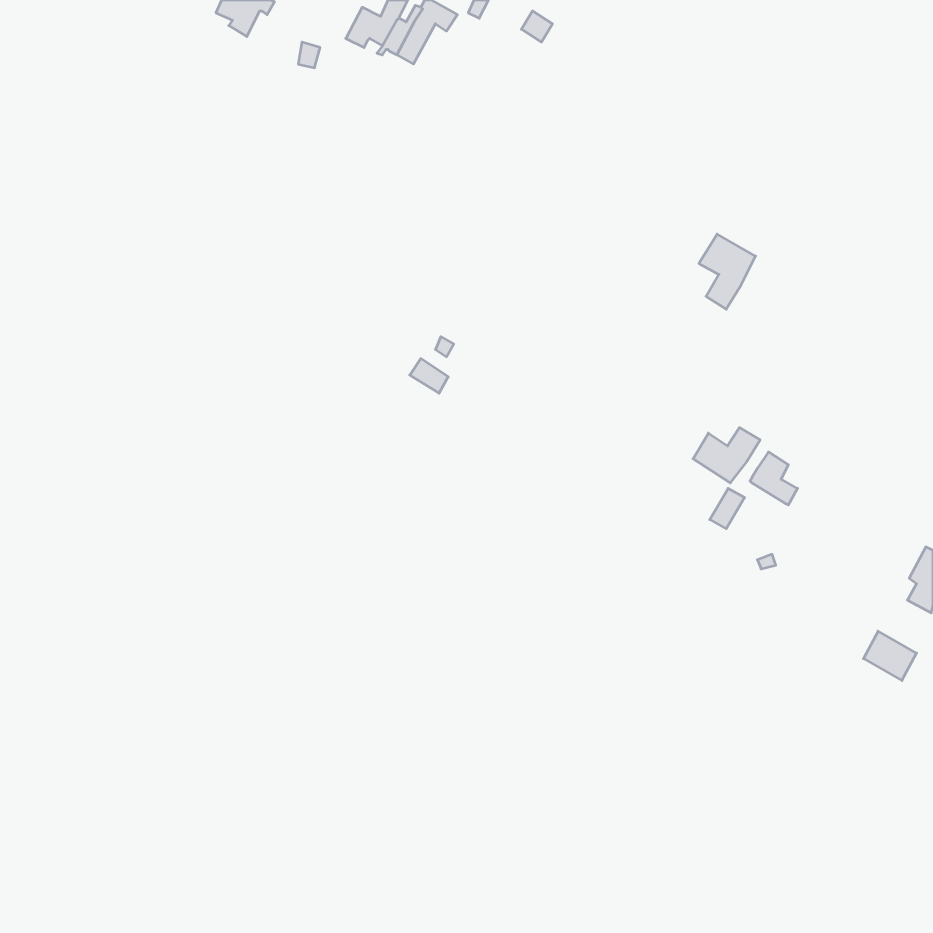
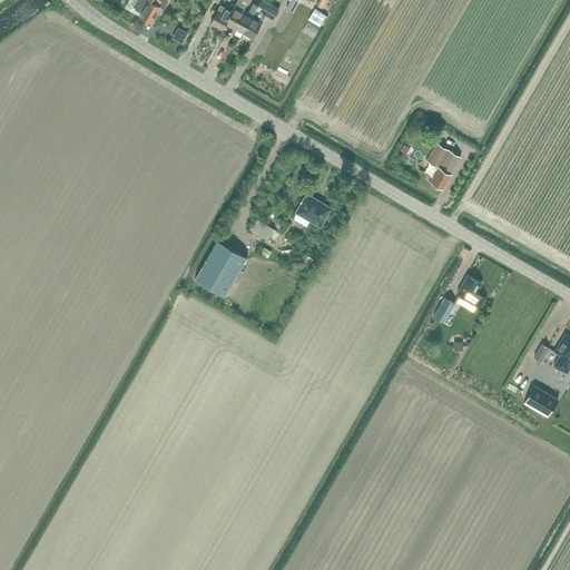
building: none -> [293,195,331,227]
building: none -> [194,239,247,297]
building: [693,428,760,483] -> none

